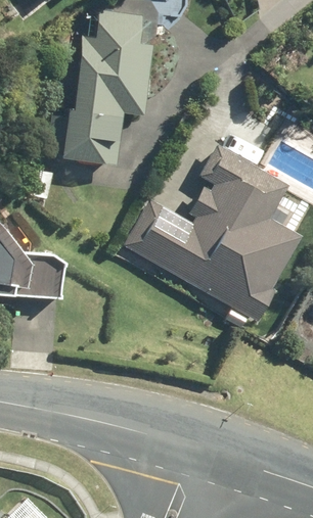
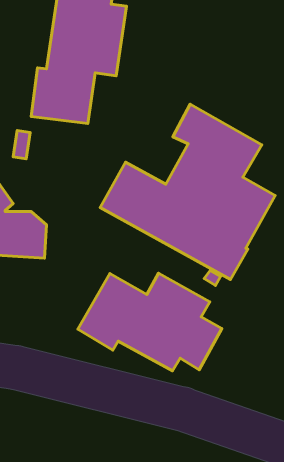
building: none -> [78,273,222,371]

